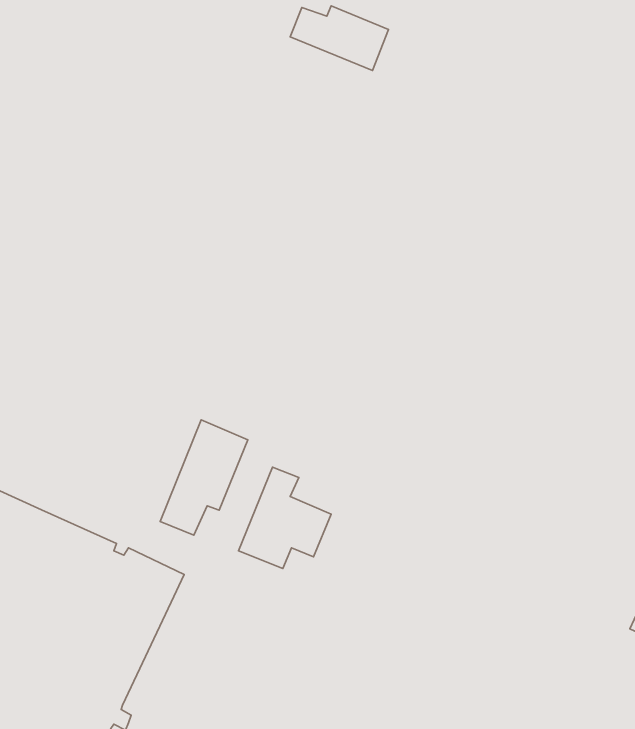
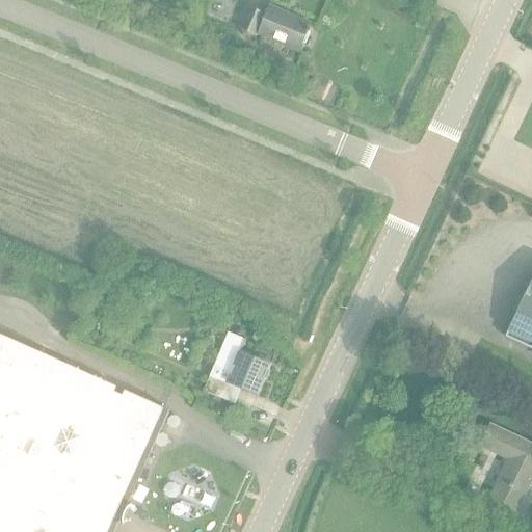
building: [160,420,248,535] -> none

